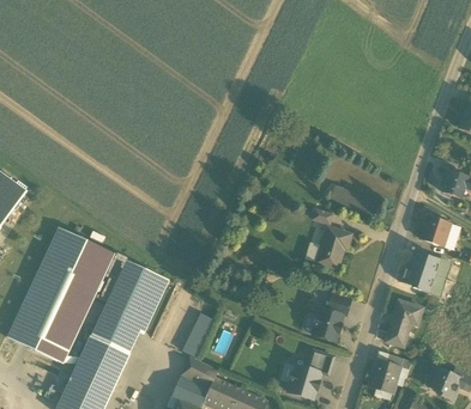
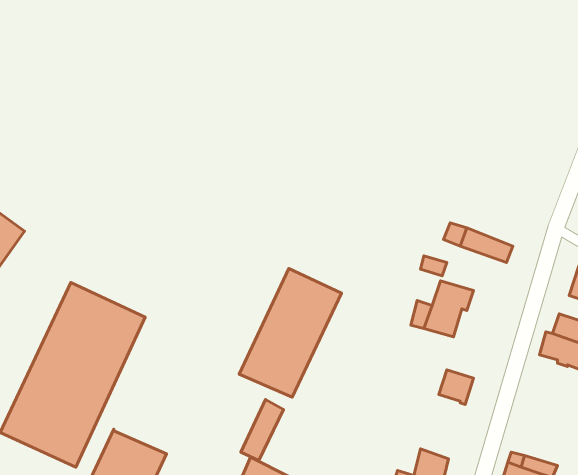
building: [90,260,164,353] -> [239,268,342,397]
building: [385,300,421,344] -> none
building: [313,309,342,341] -> none

